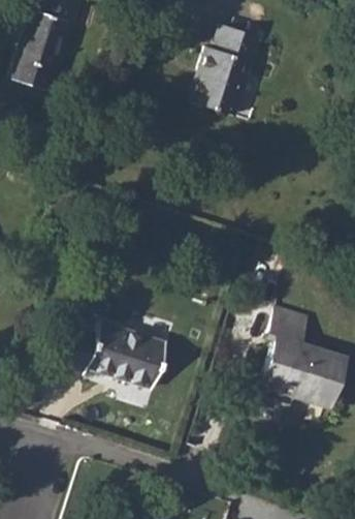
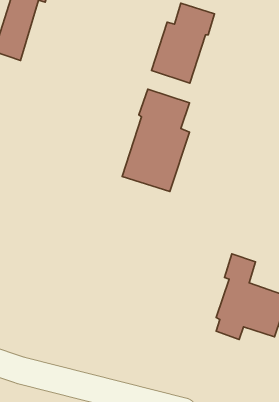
building: none -> [122,89,190,192]
building: [60,322,168,387] -> none

